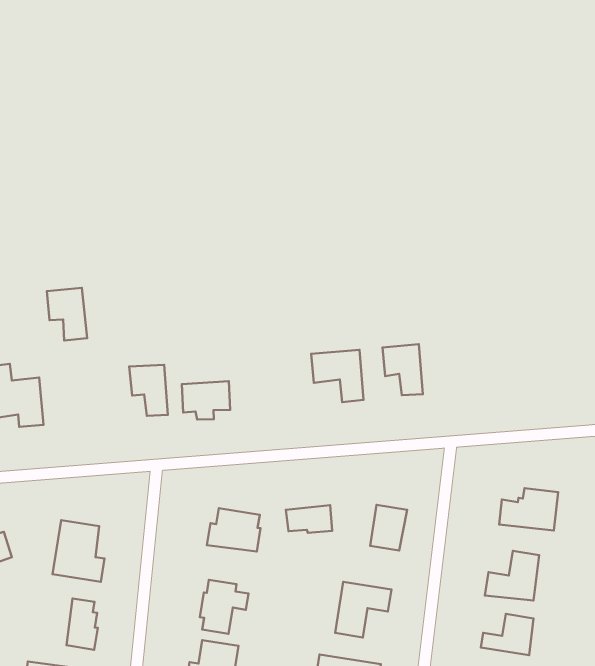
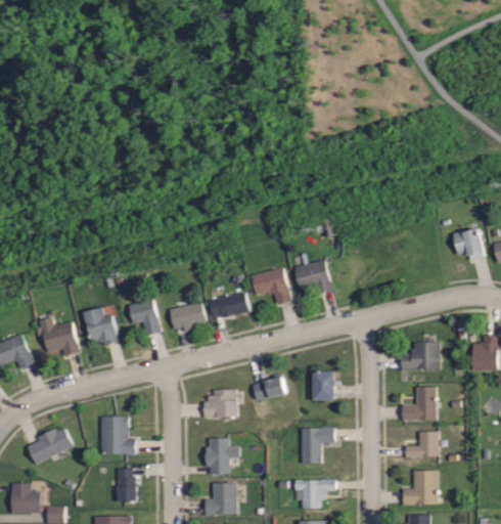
building: [47,288,87,340] -> [88,307,121,345]
building: none -> [209,292,249,317]

